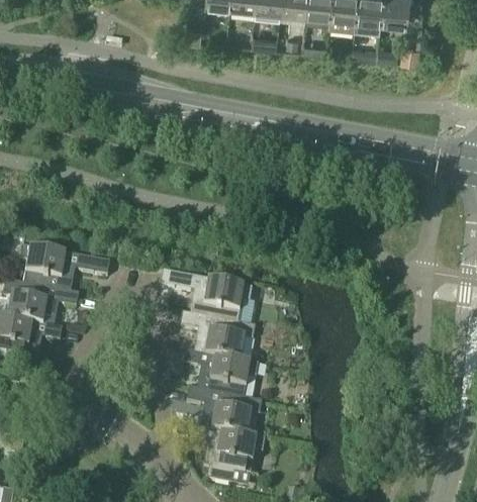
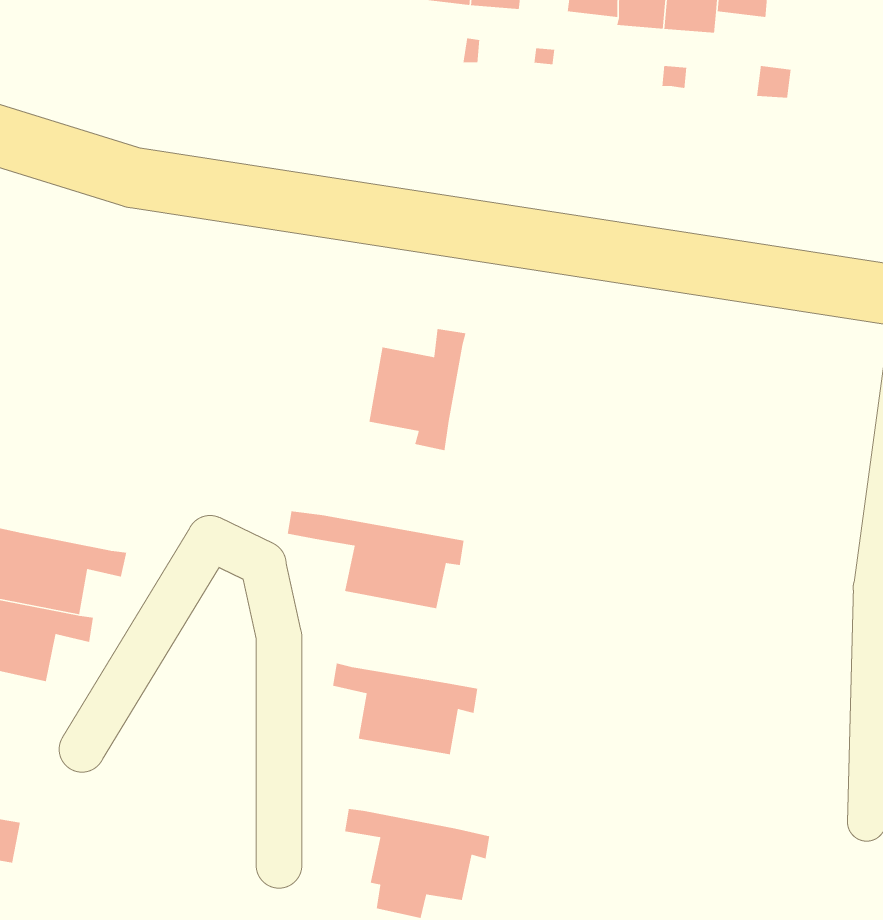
building: none -> [368,328,467,451]
building: [20,244,109,292] -> none
building: [180,312,257,360] -> none
building: [186,387,262,434] -> none

